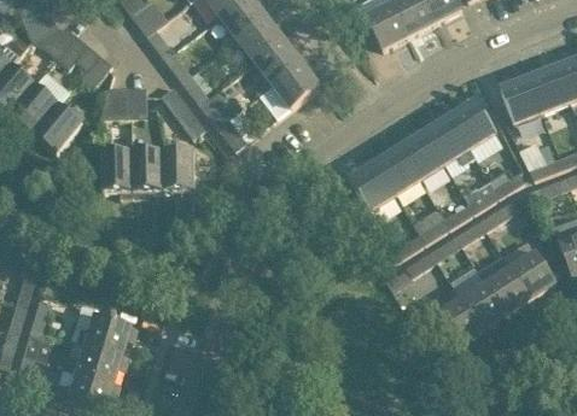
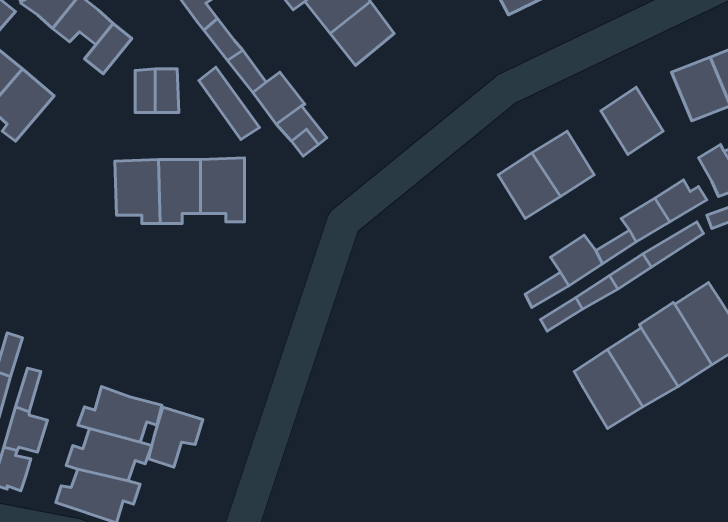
building: [261,61,320,118] -> none
building: [30,106,82,154] -> none
building: [426,117,477,166] -> none
building: [351,163,396,210] -> none
building: none -> [148,407,203,467]

